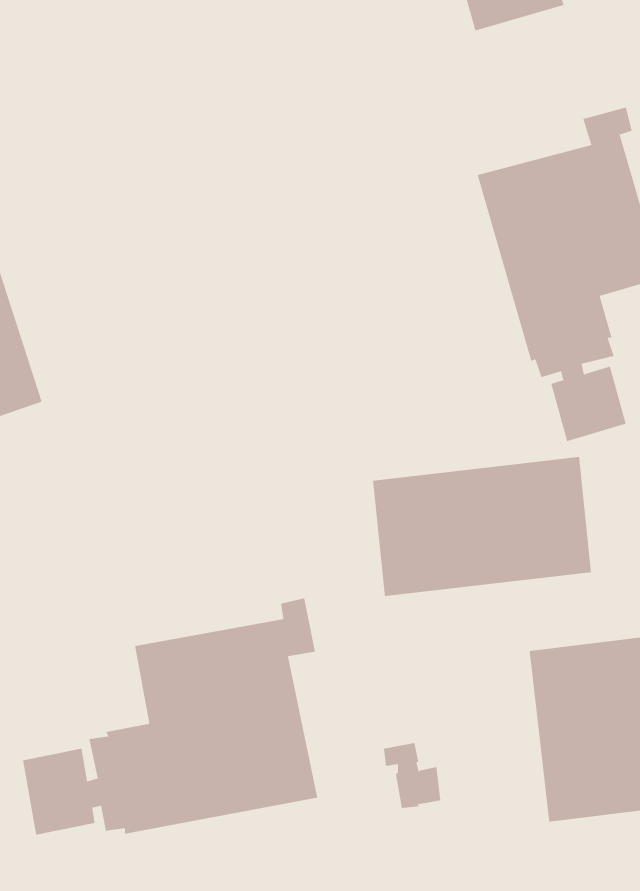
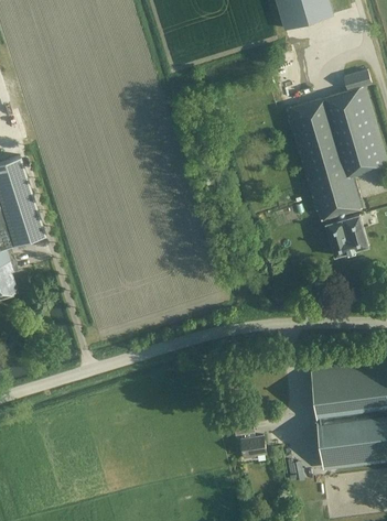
building: [373,456,592,597] -> none
building: [23,597,318,835] -> none

